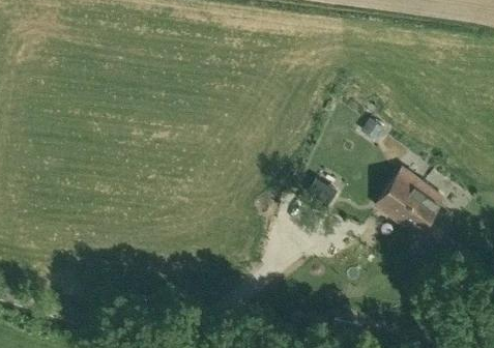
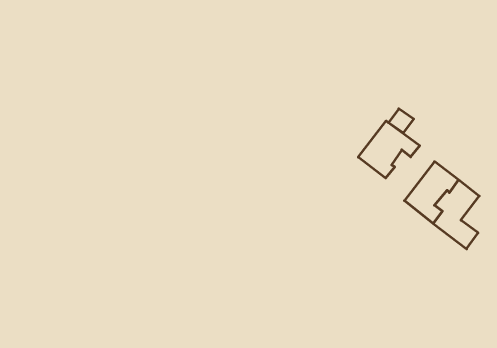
building: none -> [358,121,420,178]

